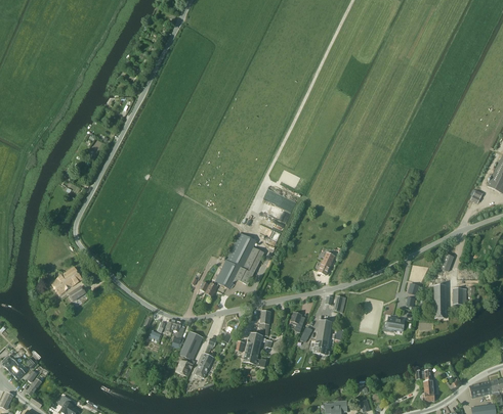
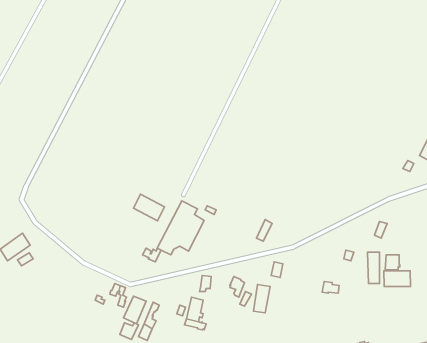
building: none -> [134,194,165,221]
building: none -> [384,271,411,287]

